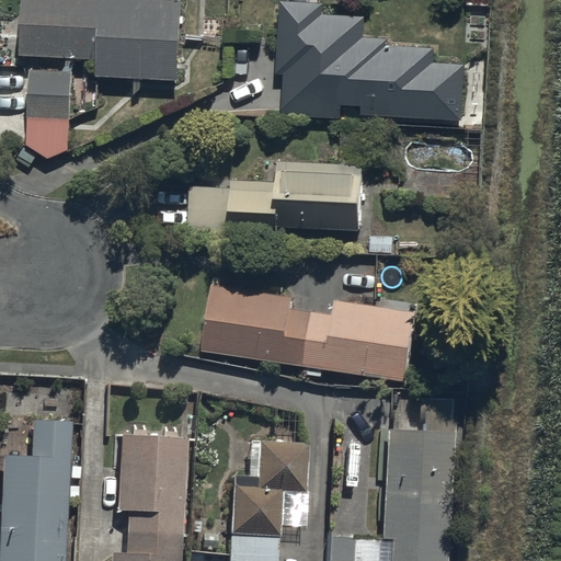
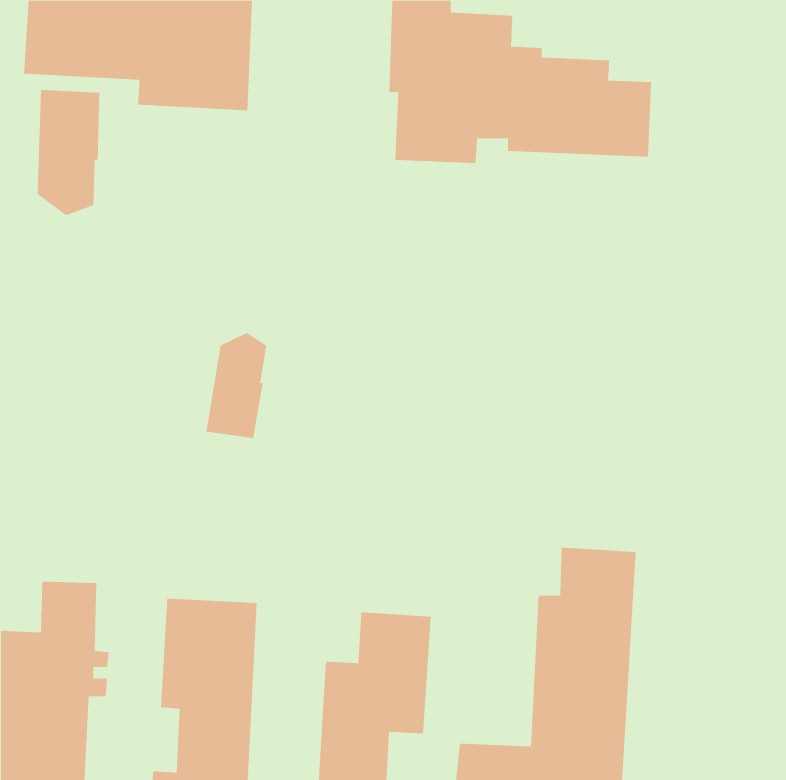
building: [187,158,363,236] -> none
building: none -> [206,332,267,439]
building: [199,284,415,382] -> none

